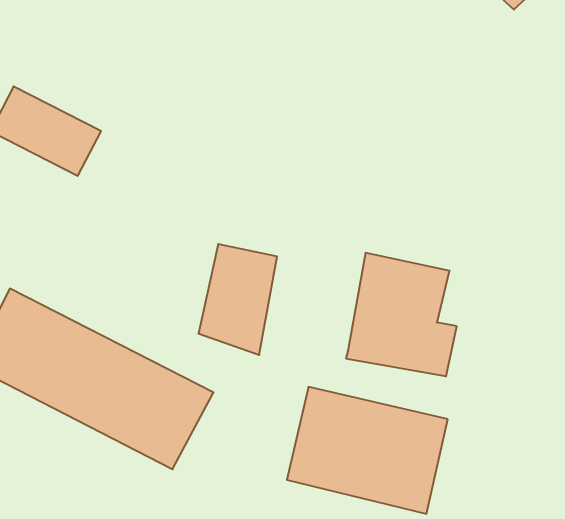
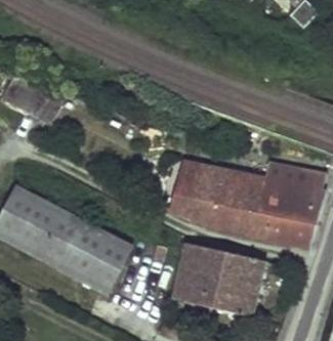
building: none -> [258,160,327,246]
building: [198,244,277,355] -> [172,160,217,223]

